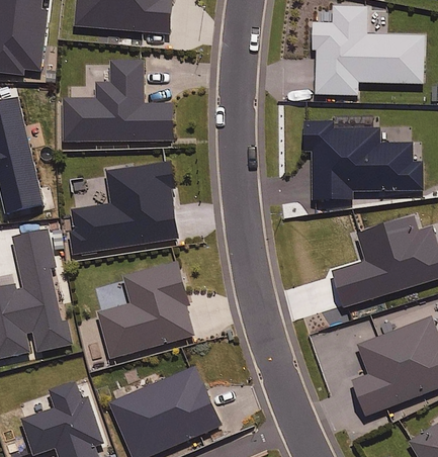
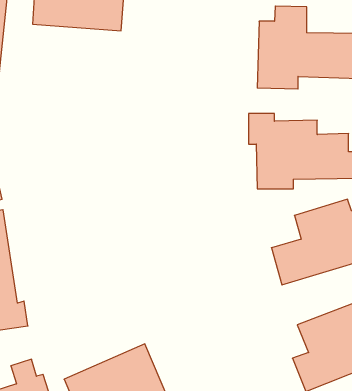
building: [64,61,173,142] -> none
building: [70,161,178,253] -> none
building: [98,263,194,357] -> none

